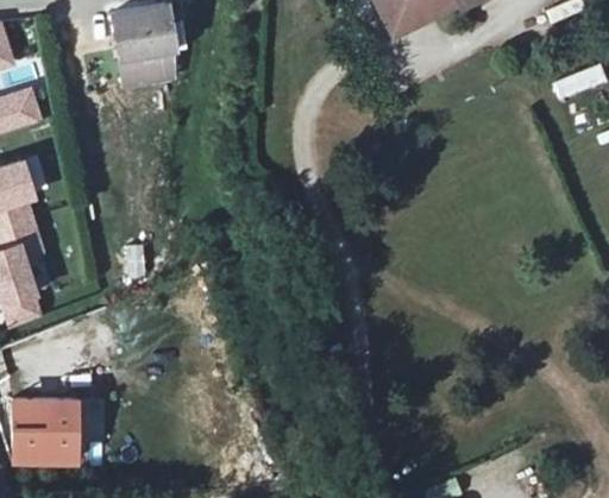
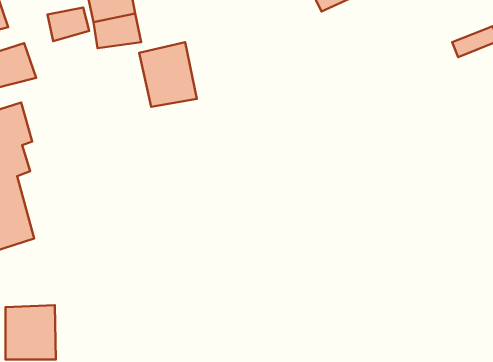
building: none -> [48,8,89,41]
building: none -> [139,42,197,107]

